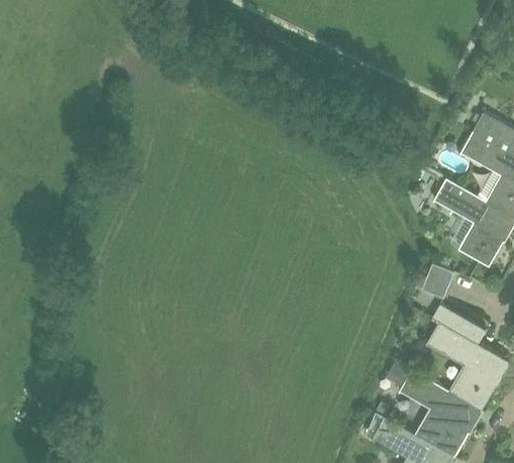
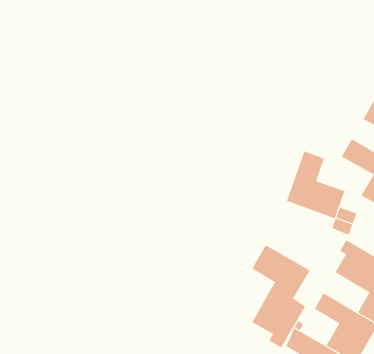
building: none -> [286,150,345,219]
building: none -> [251,244,310,348]

